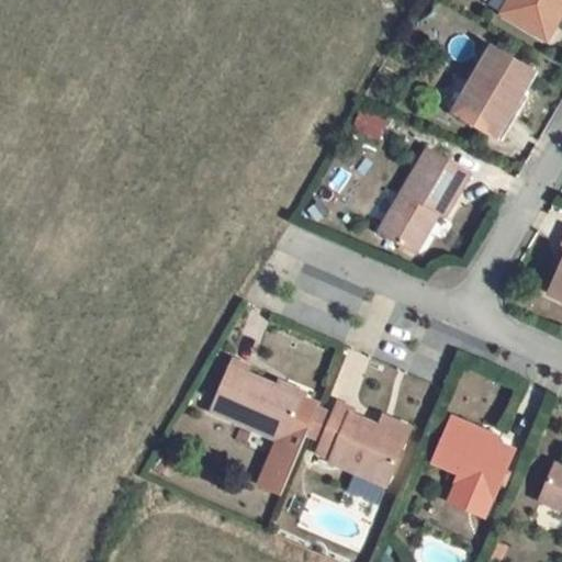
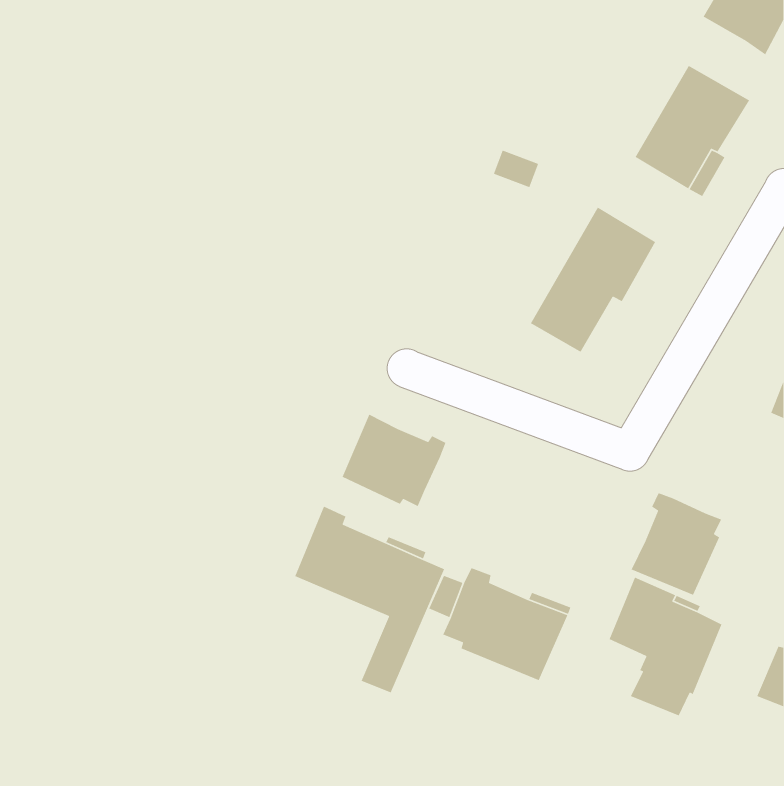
building: none -> [341,414,447,507]
building: none -> [631,492,722,596]

